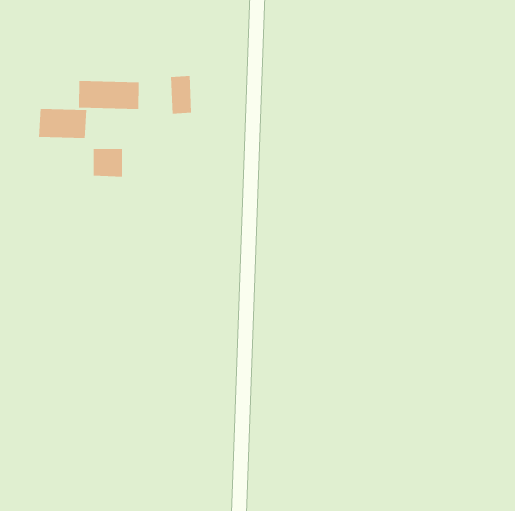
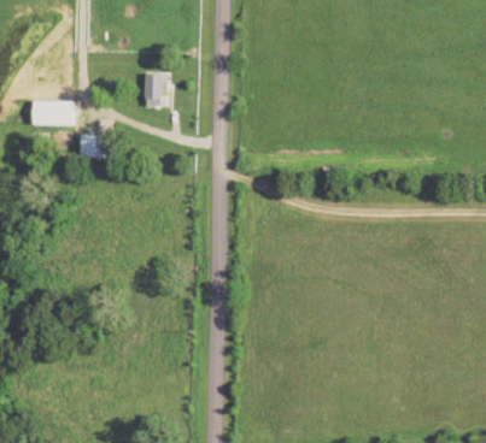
building: [79,80,139,110] -> none

